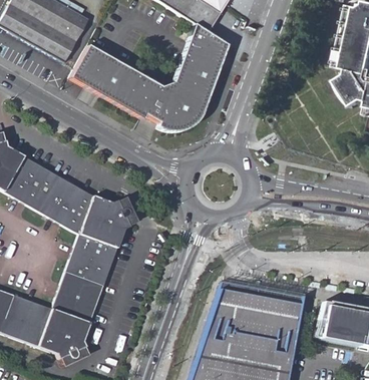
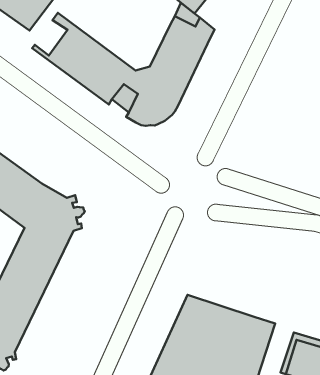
building: [71,50,98,81] -> none

